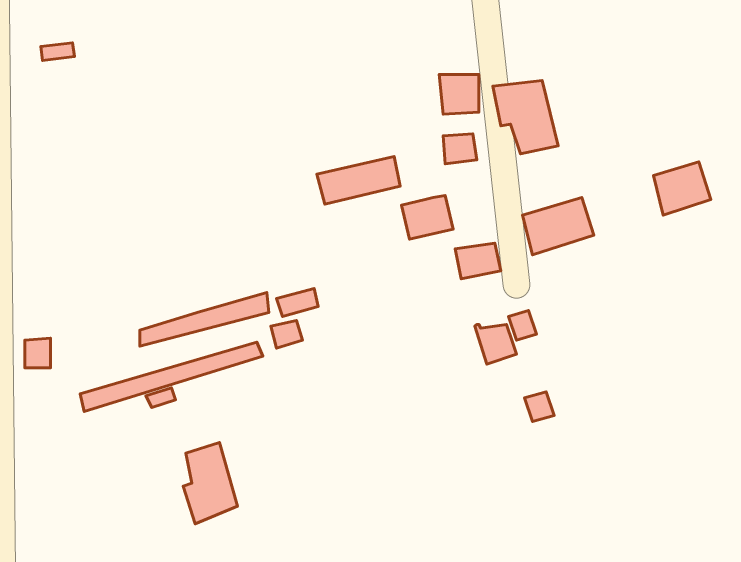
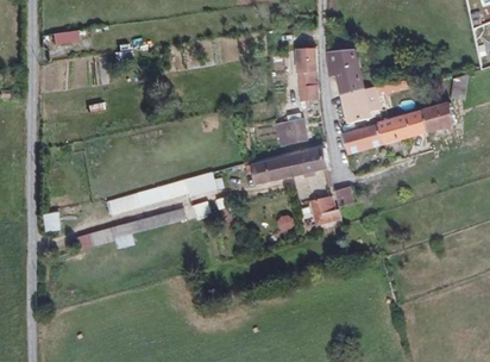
building: none -> [343,81,398,124]
building: [317,156,400,204] -> [257,152,307,181]
building: none -> [379,108,428,144]
building: [183,443,237,524] -> none

